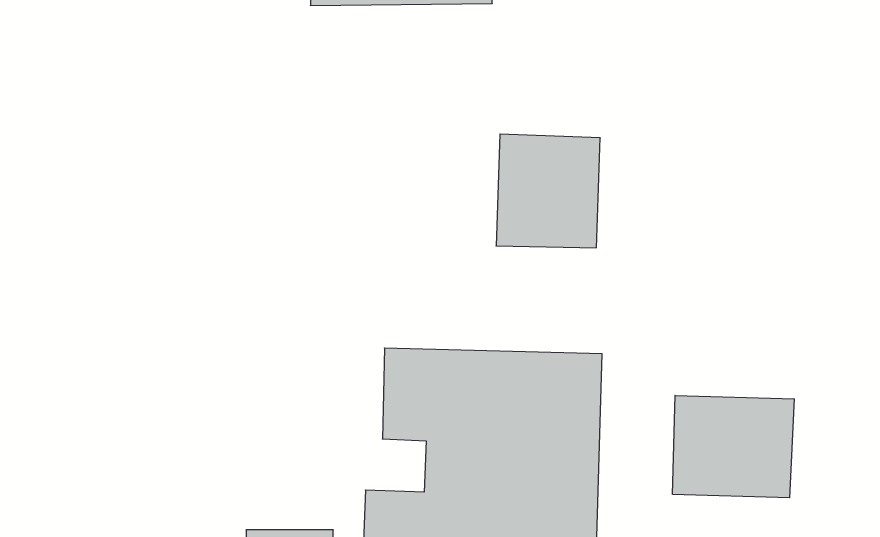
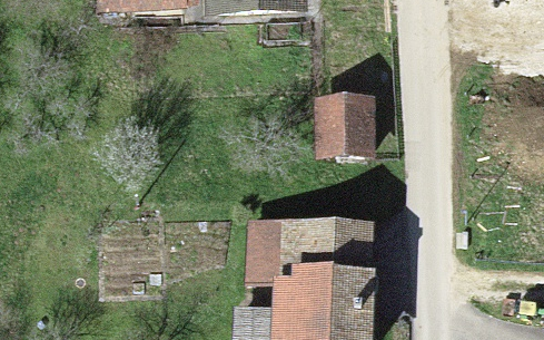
building: [673,395,794,498] -> none

